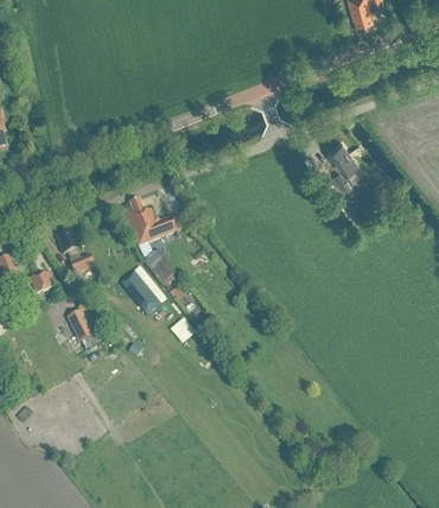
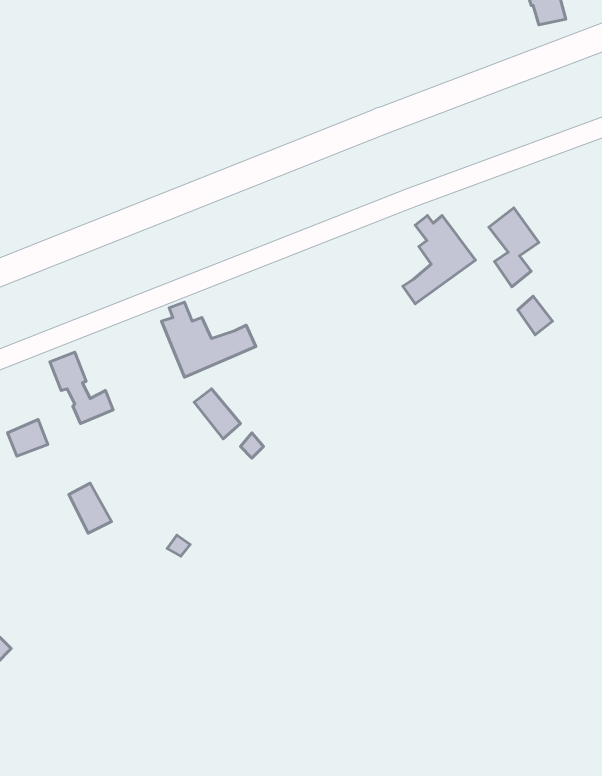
building: none -> [403,215,476,304]
building: [120,268,161,313] -> none

